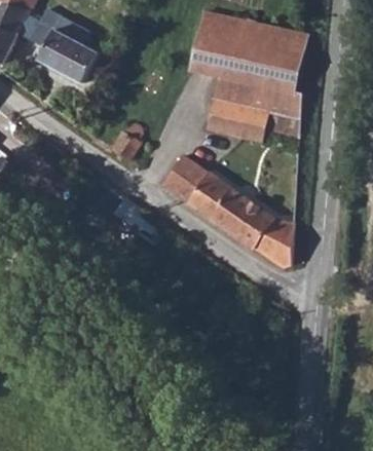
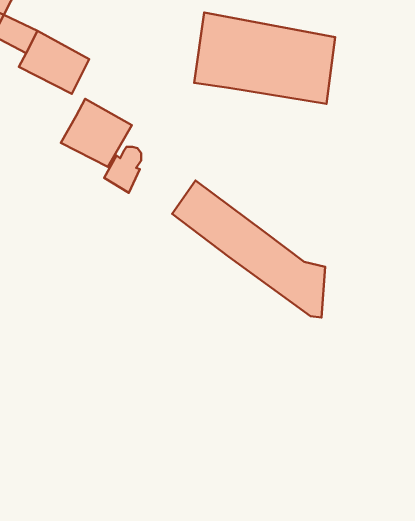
building: [206,75,304,143] -> none
building: none -> [61,99,132,167]

